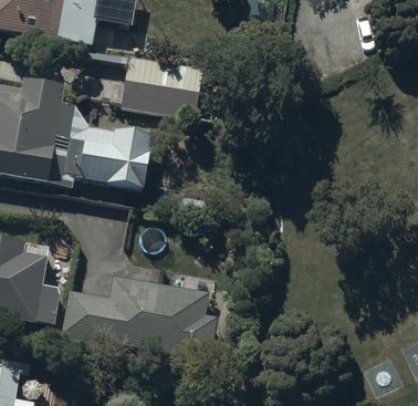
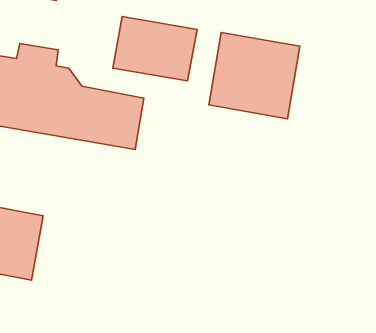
building: none -> [209,32,300,119]
building: [64,277,211,355] -> none

